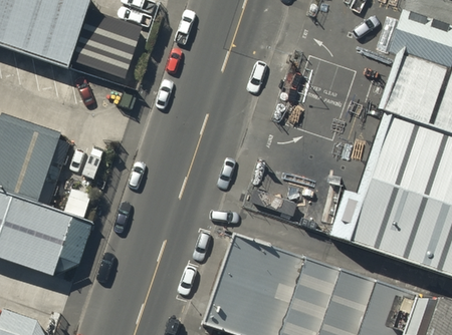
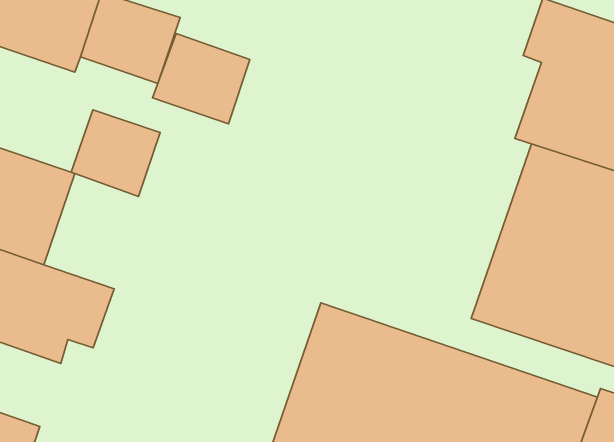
building: none -> [152,34,250,124]
building: none -> [71,110,160,197]

